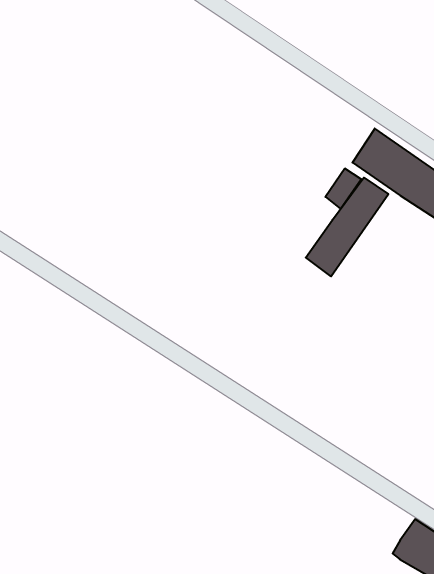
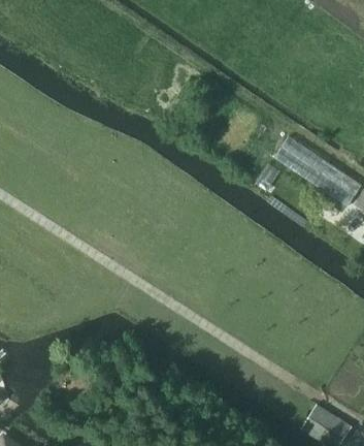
building: [306,178,388,276] -> none

